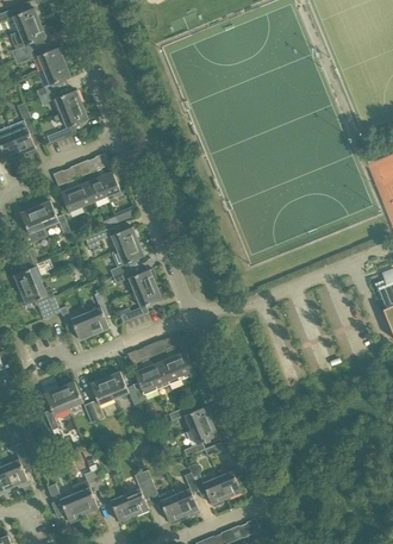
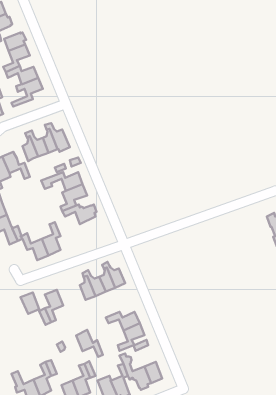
building: [119,283,163,321] -> none
building: [104,370,138,405] -> [76,330,103,357]
building: [43,387,67,430] -> none

